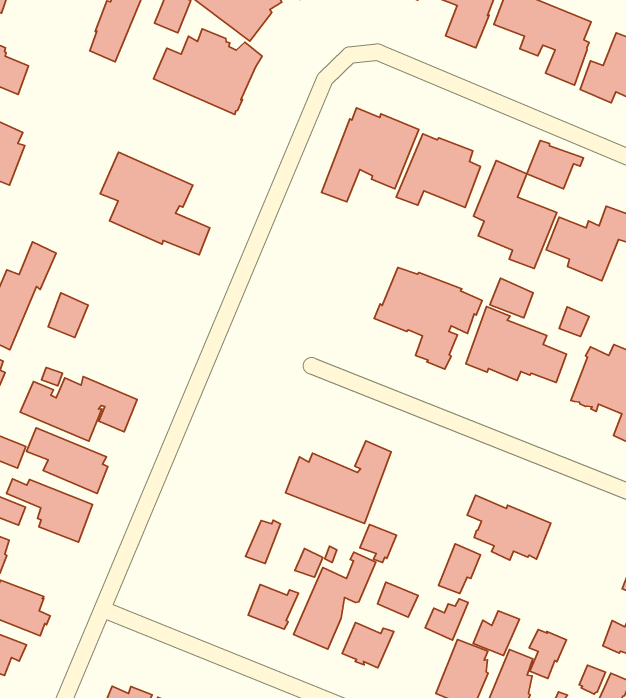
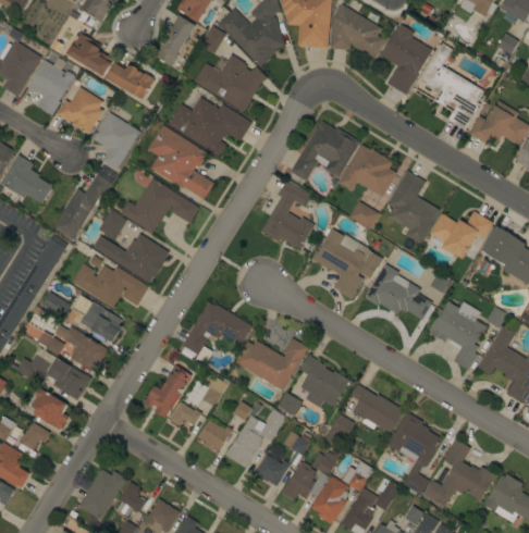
building: none -> [106,62,153,99]
building: none -> [168,97,253,156]
building: [527,141,584,189] -> none
building: none -> [93,112,140,170]
building: none -> [261,179,315,248]
building: none -> [121,177,199,233]
building: [490,278,533,318] -> [349,200,379,228]
building: none -> [93,233,170,283]
building: none -> [183,301,253,355]
building: none -> [300,355,355,407]
building: none -> [145,364,192,418]
building: none -> [387,411,442,494]
building: none -> [48,357,91,399]
building: none -> [170,401,201,426]
building: none -> [282,461,329,499]

